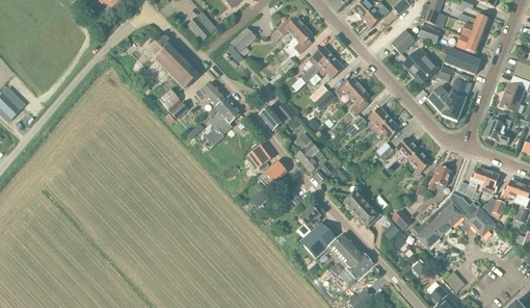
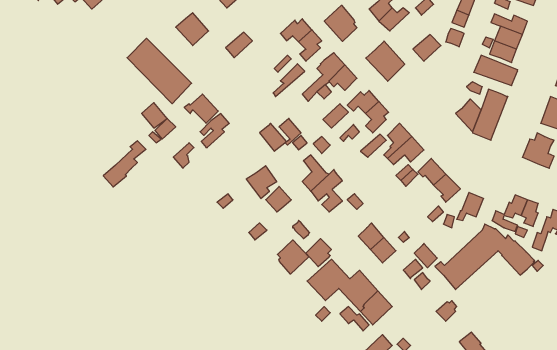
building: none -> [324,5,357,41]
building: [403,49,436,83] -> [366,41,405,81]
building: [205,106,241,146] -> [103,141,146,187]
building: none -> [277,240,309,274]

